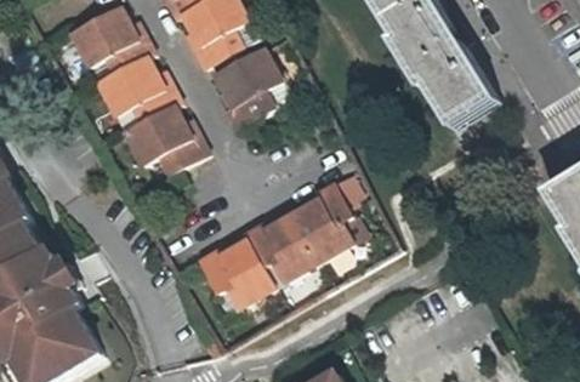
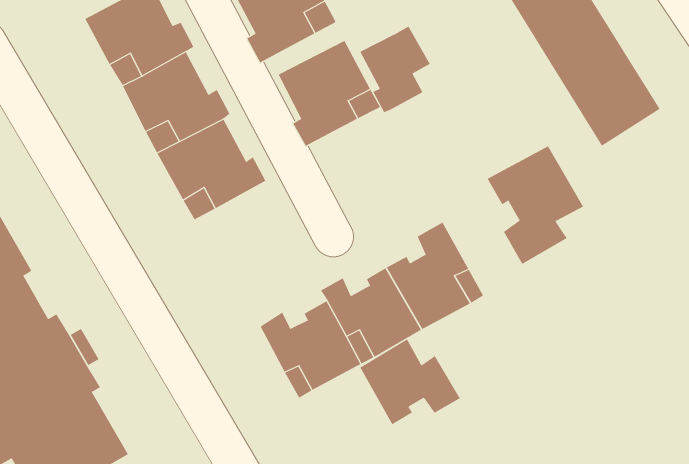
building: none -> [360,26,430,113]
building: none -> [487,145,584,265]
building: none -> [360,338,460,425]

